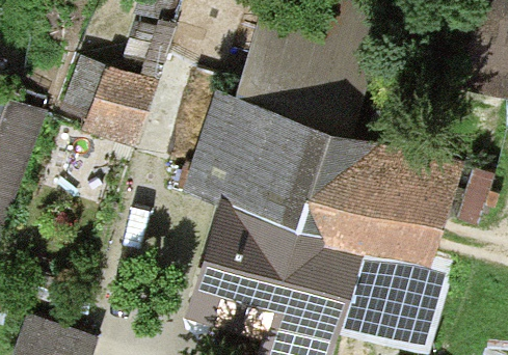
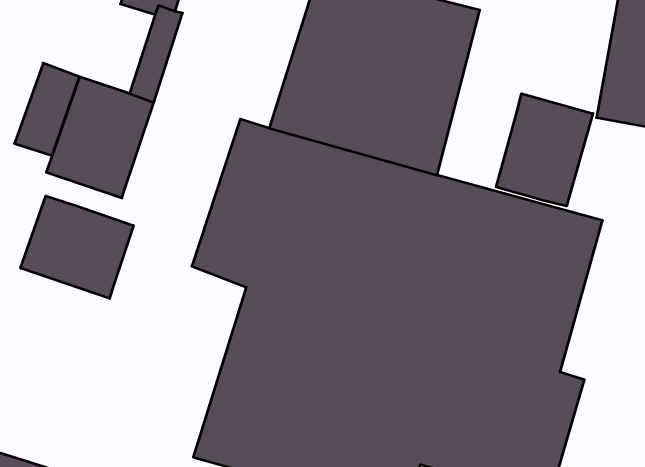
building: none -> [496,94,593,206]
building: none -> [21,196,133,299]

